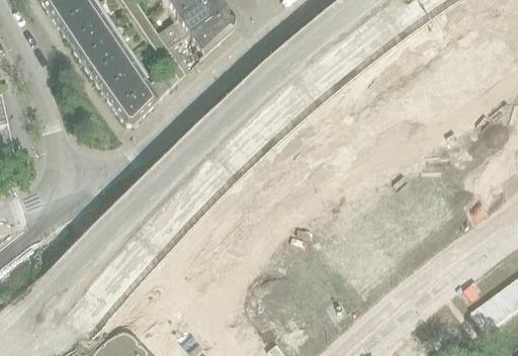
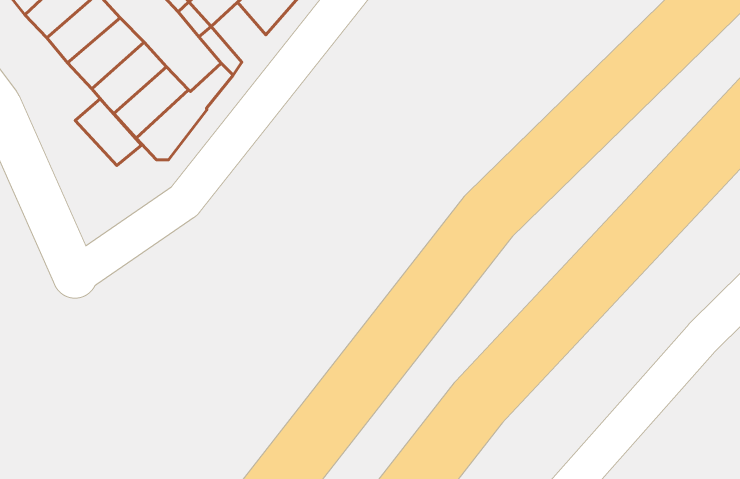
building: none -> [75,99,142,165]

